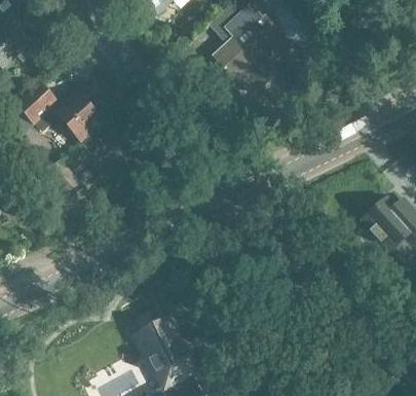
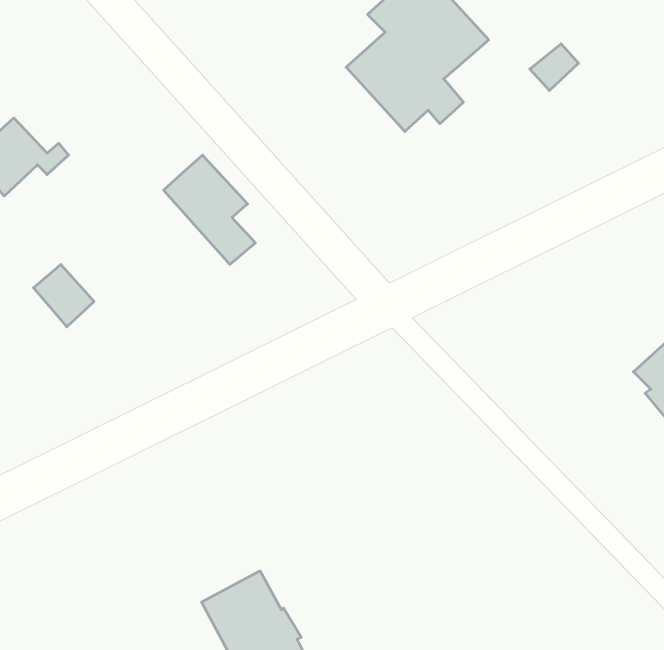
building: [54,93,103,150] -> [164,155,255,264]

